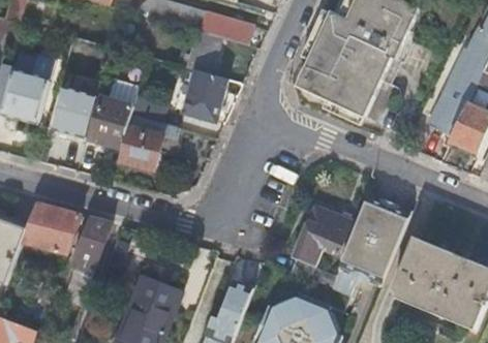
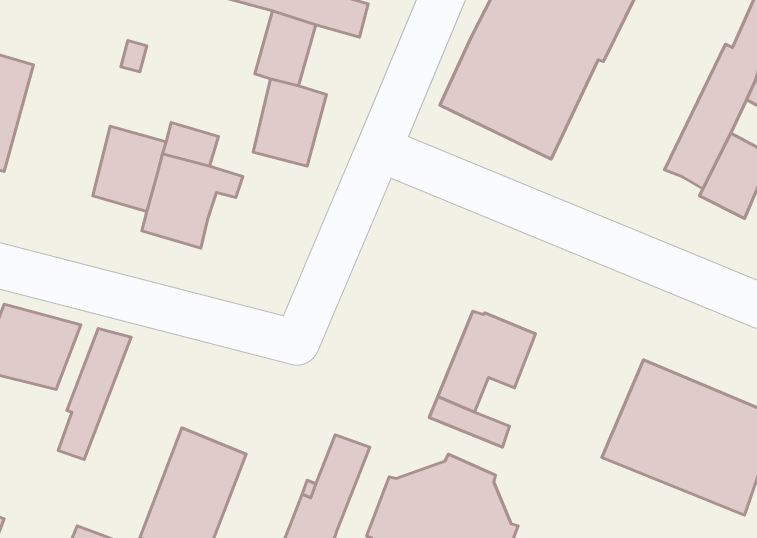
building: [52,88,95,138] -> none
building: [338,193,411,288] -> none

